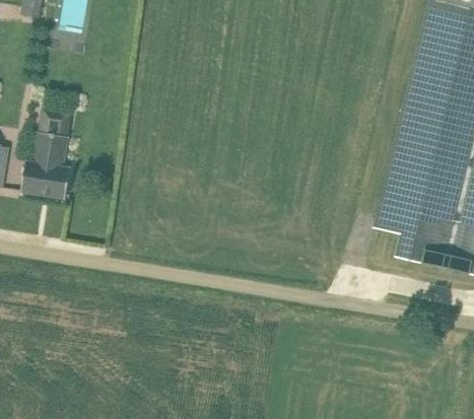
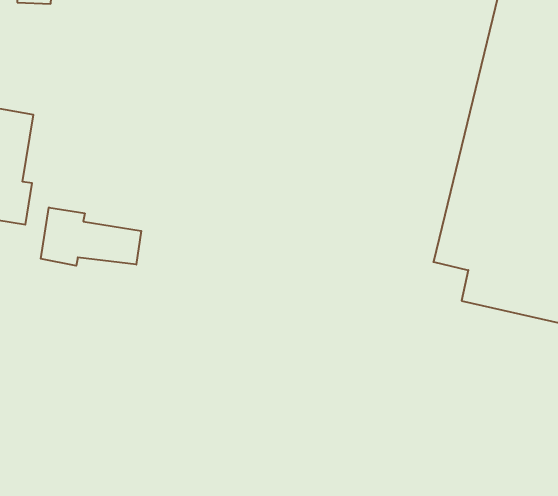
building: none -> [41,207,141,266]

